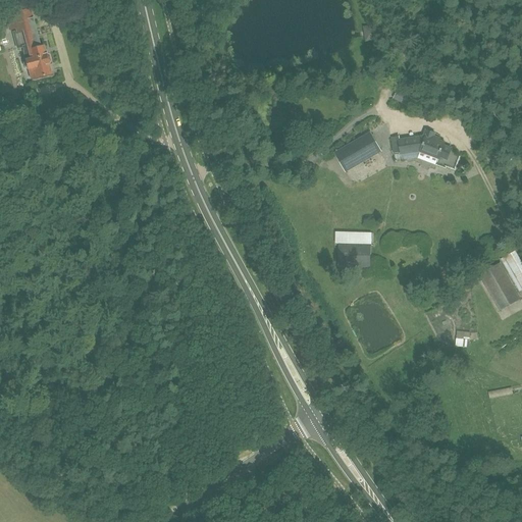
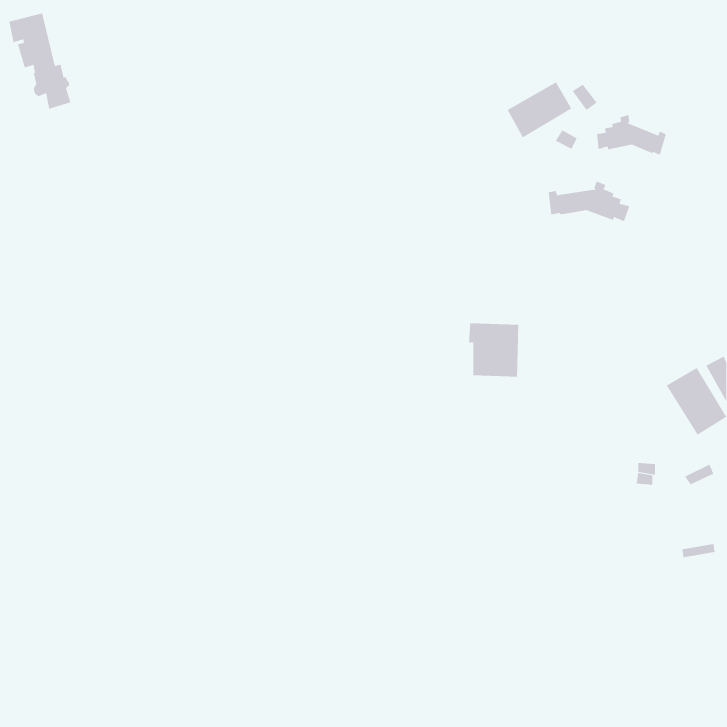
building: none -> [596,114,667,156]
building: [334,133,381,173] -> [507,81,572,138]

